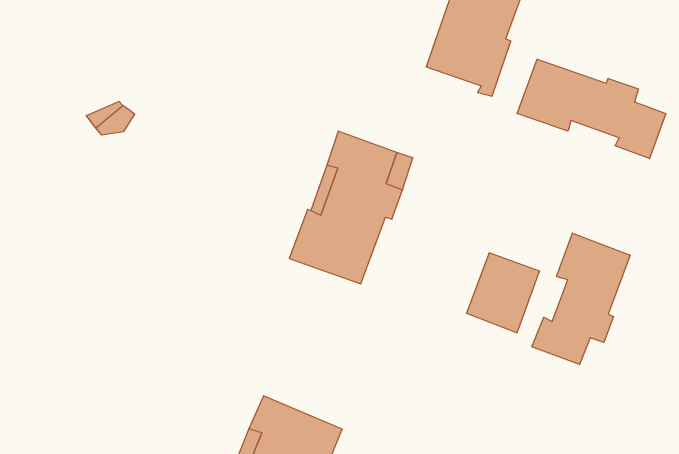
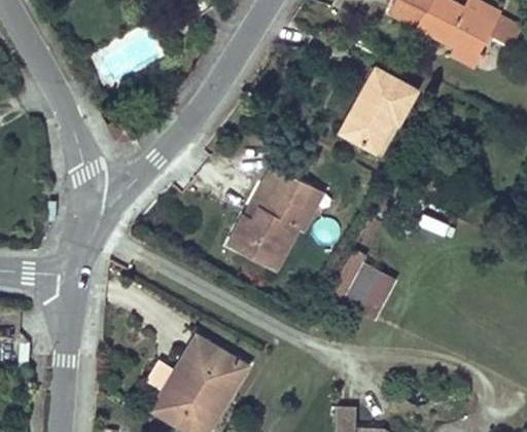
building: [517,59,666,159] -> none
building: [532,233,630,365] -> none

